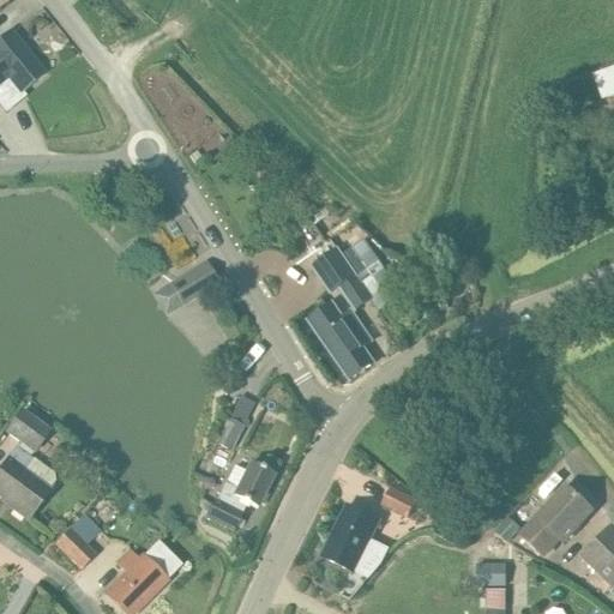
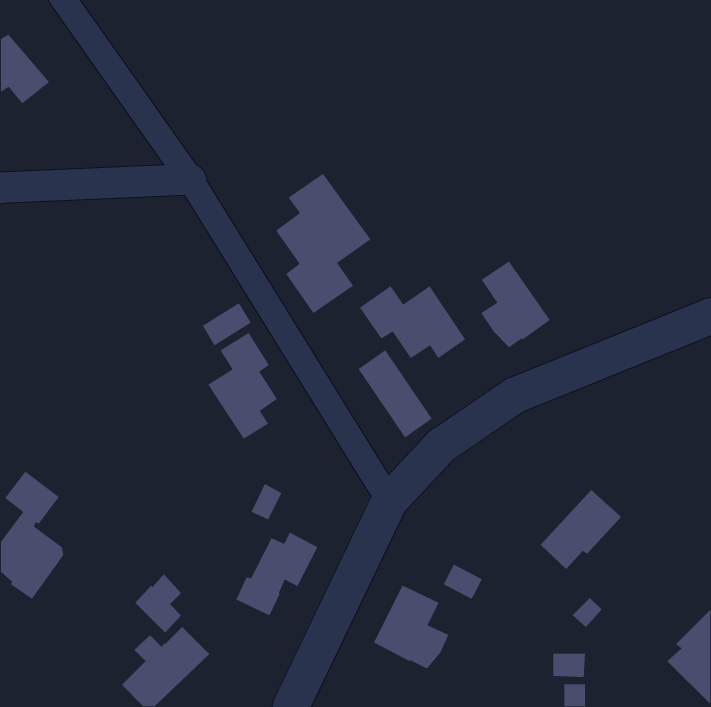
building: none -> [275,173,372,314]
building: none -> [480,260,551,348]
building: none -> [207,332,278,440]
building: [520,484,591,554] -> [540,489,622,570]
building: [54,516,95,567] -> [135,574,182,633]

